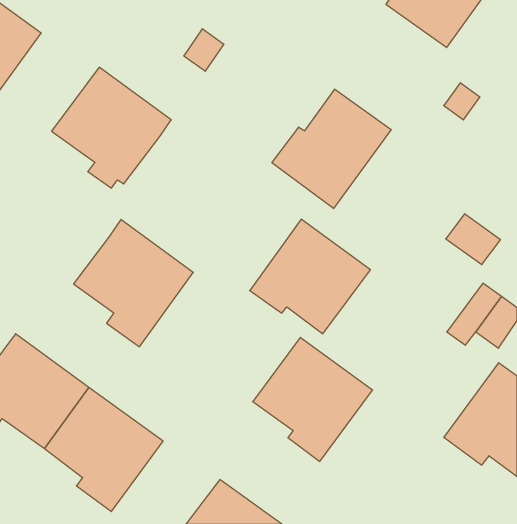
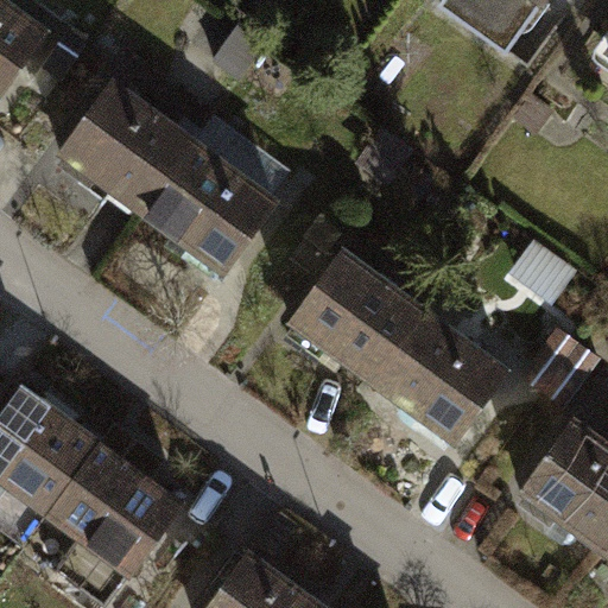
building: [272,89,391,209] -> none
building: [74,220,193,347] -> [142,138,280,284]
building: [253,337,373,461] -> [372,310,509,452]

